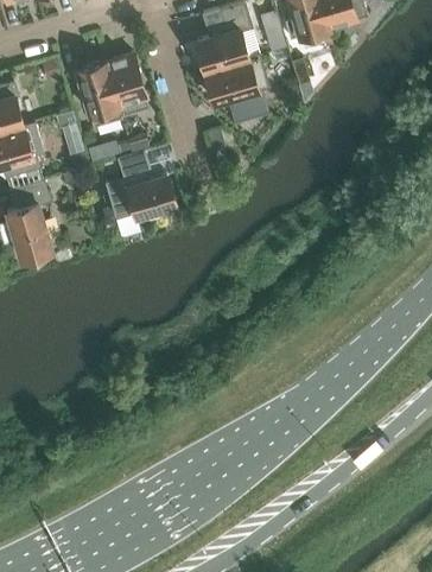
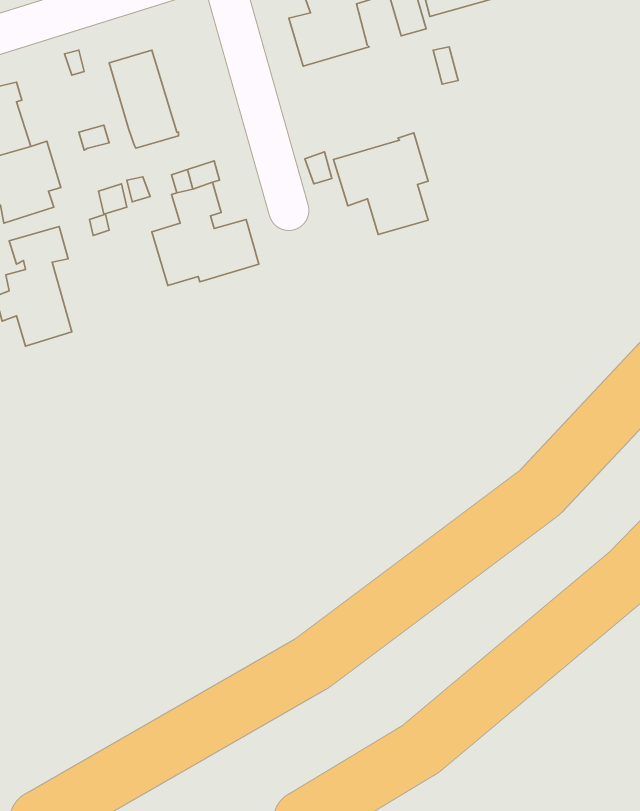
building: [104,53,150,116] -> none
building: [205,55,268,122] -> [334,133,428,234]

